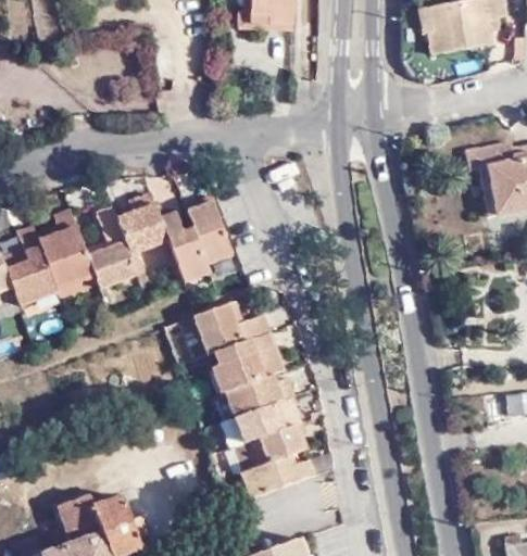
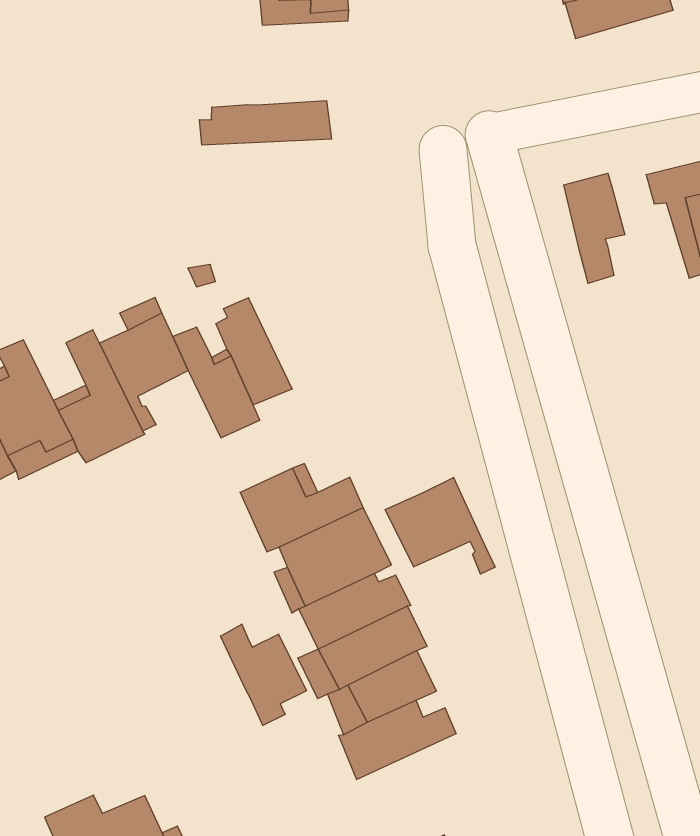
building: none -> [199,101,332,145]
building: none -> [564,173,625,284]
building: none -> [385,477,495,574]
building: none -> [221,624,307,725]

